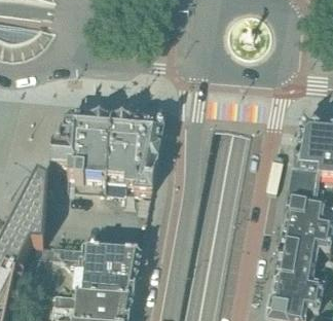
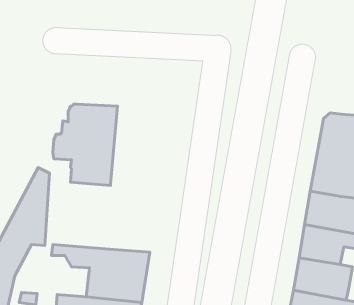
building: [104,112,162,186] -> none

